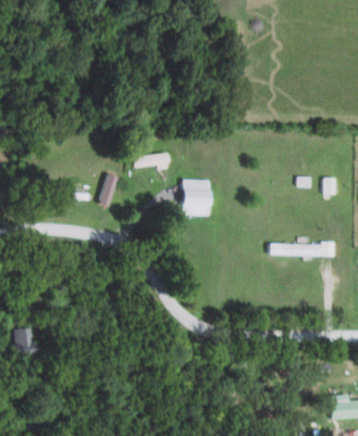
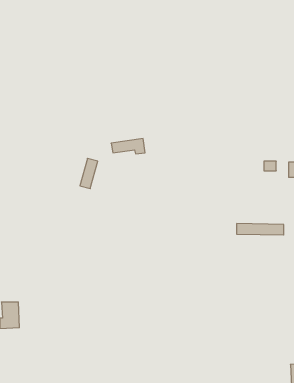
building: [181,178,208,215] -> none

